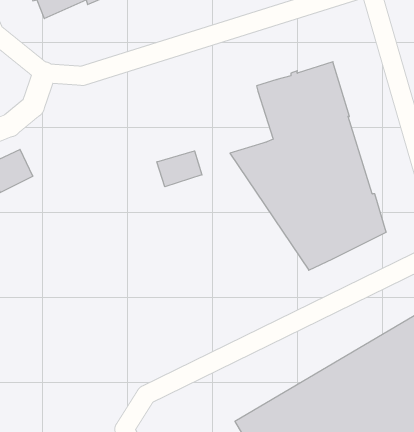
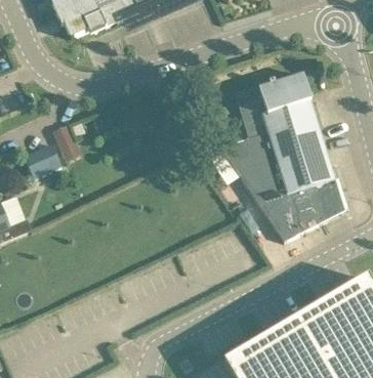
building: none -> [51,123,80,160]
building: [157,151,202,187] -> none

